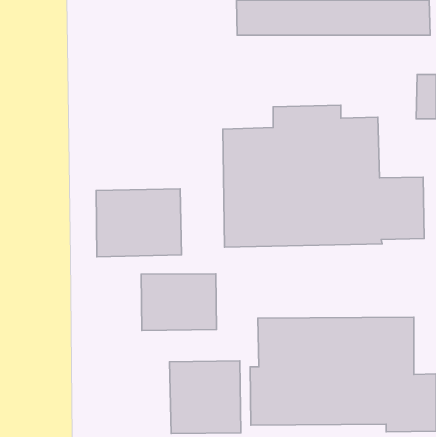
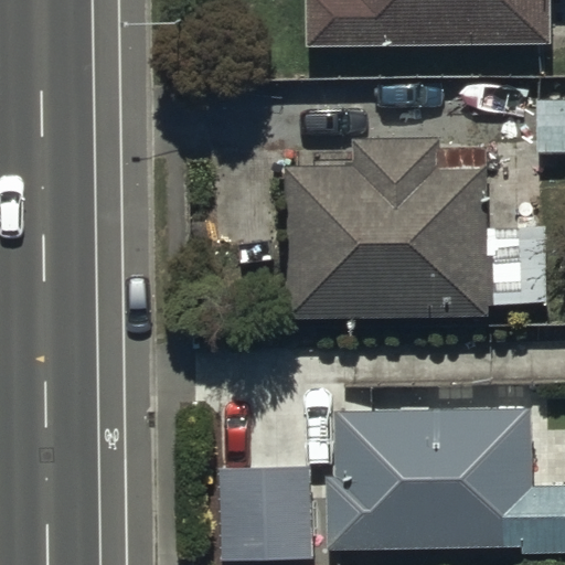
building: [96,189,182,257] -> none
building: [141,274,217,330] -> none

